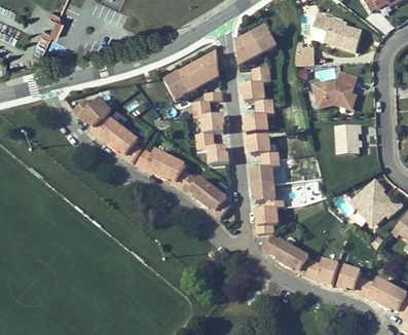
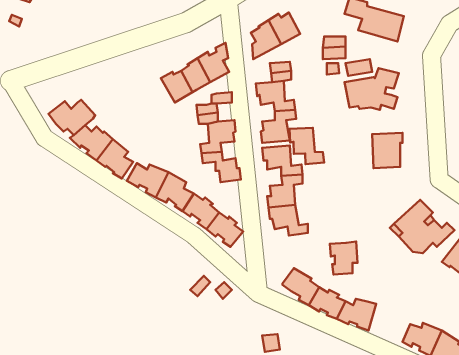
building: none -> [289,128,324,164]
building: [254,207,276,233] -> [330,241,358,274]
building: [336,265,366,294] -> none

